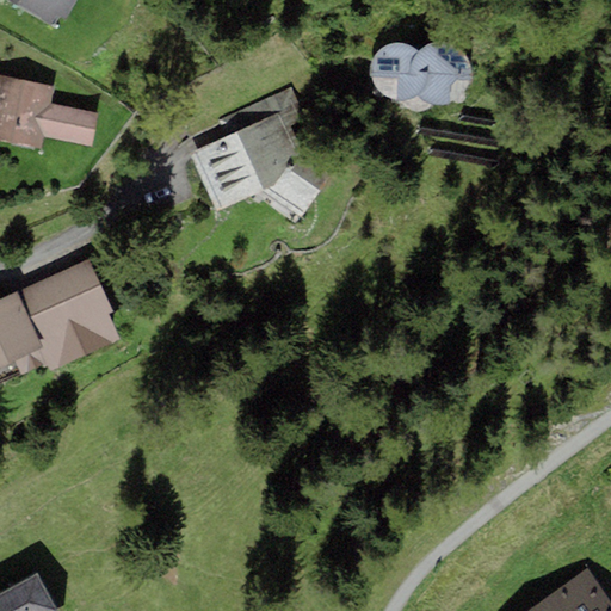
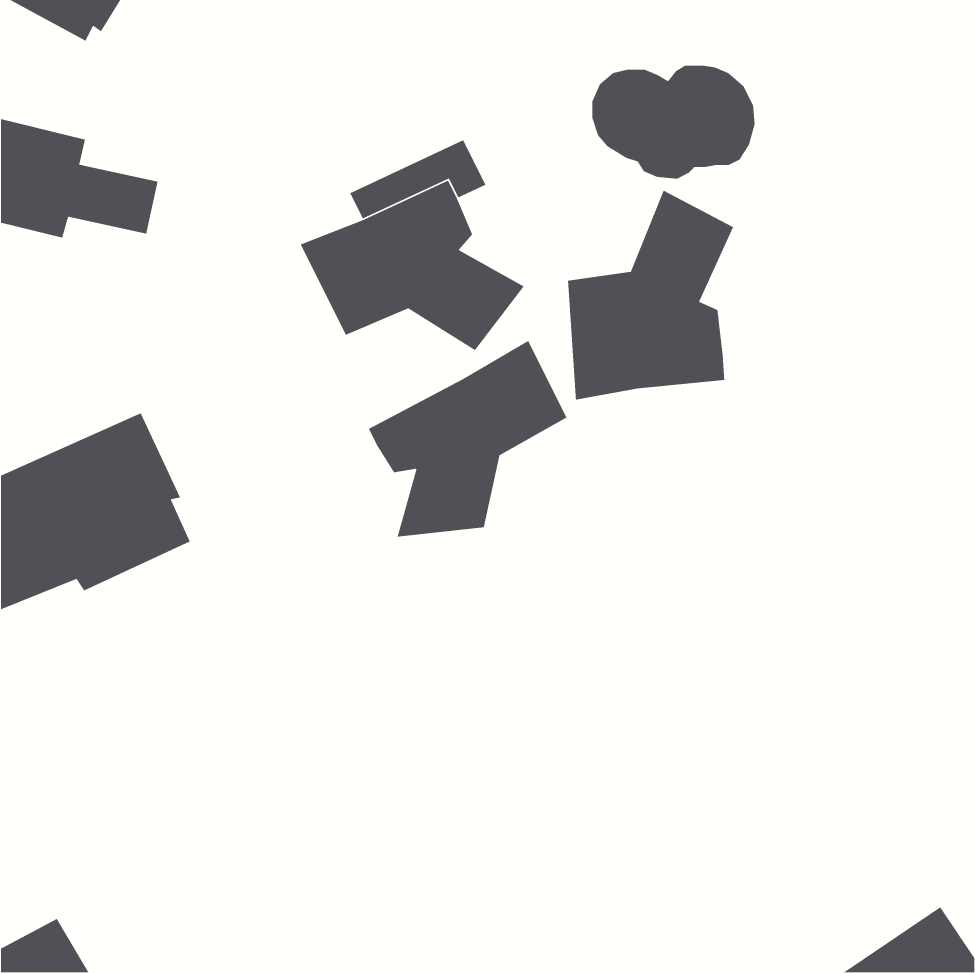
building: none -> [567,189,734,400]
building: none -> [368,340,568,538]

